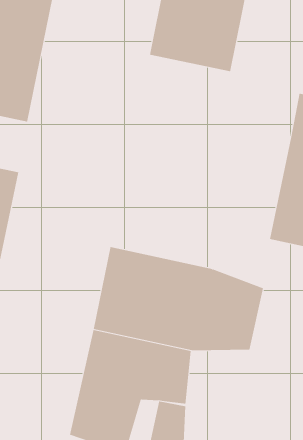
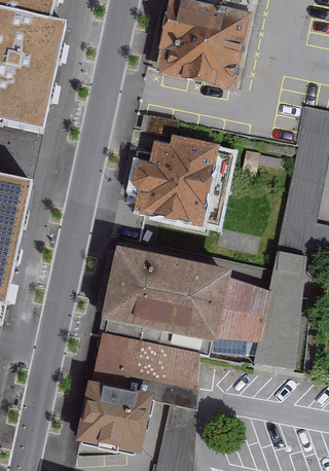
building: none -> [141,138,229,224]

